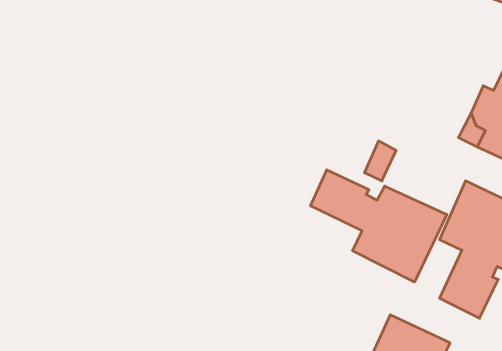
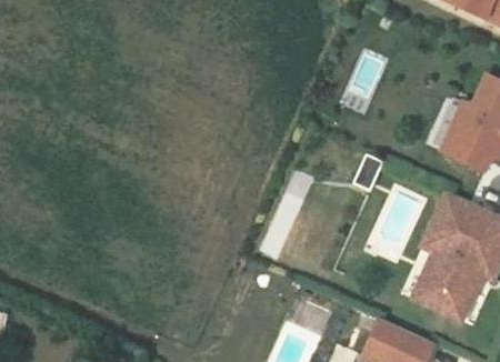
building: [311,170,447,282] -> none

